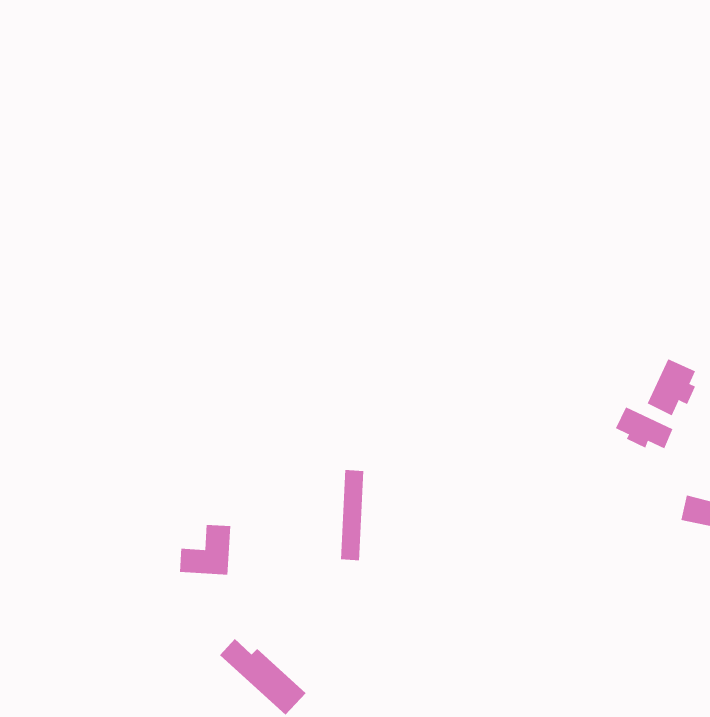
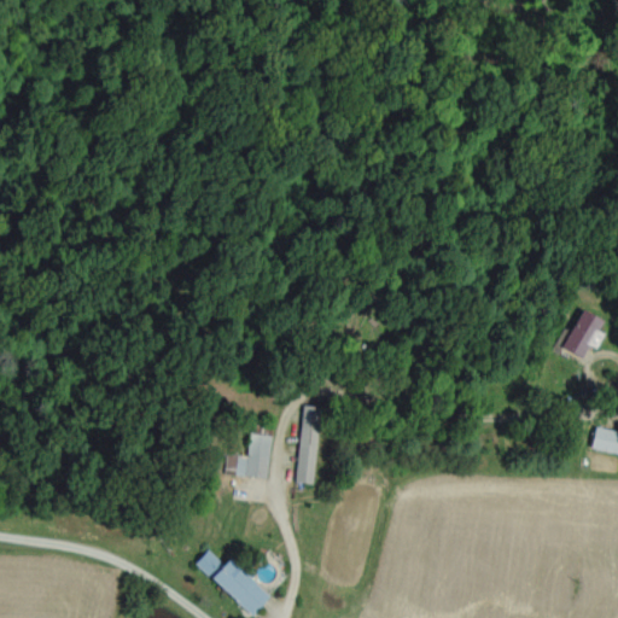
building: [615,407,673,449] -> none
building: [179,524,231,575] -> [228,433,273,477]

